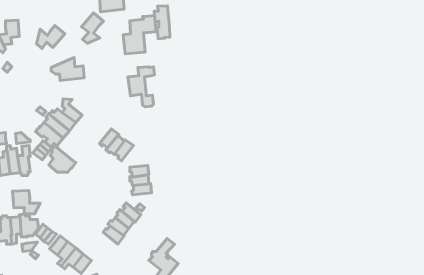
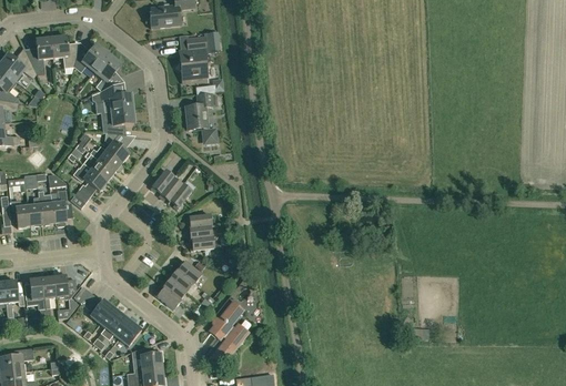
building: [154,6,170,39] -> none
building: [82,13,103,43] -> [94,54,121,91]
building: none -> [52,35,79,68]
building: none -> [101,108,134,134]
building: [49,146,76,173] -> none
building: [13,190,40,214] -> none

